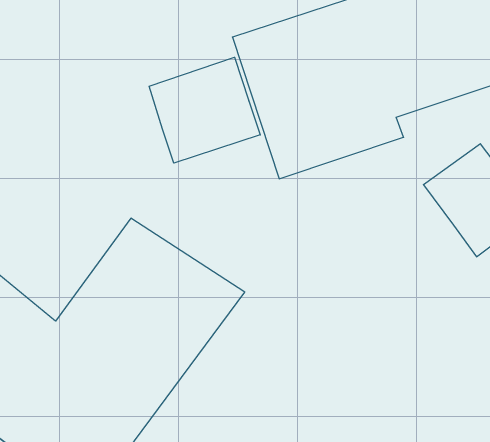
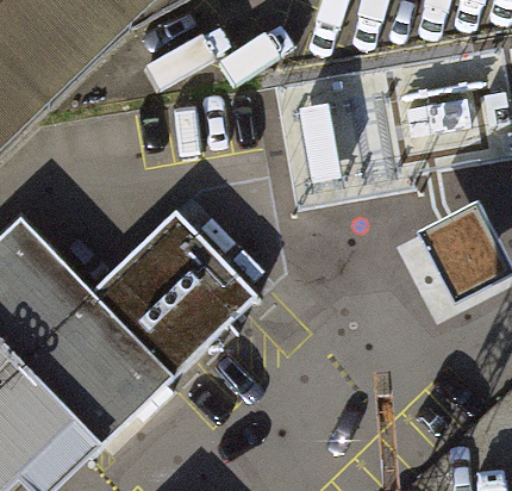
building: [149,57,260,163] -> none

